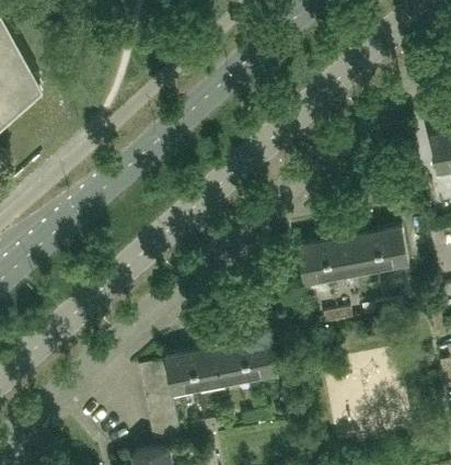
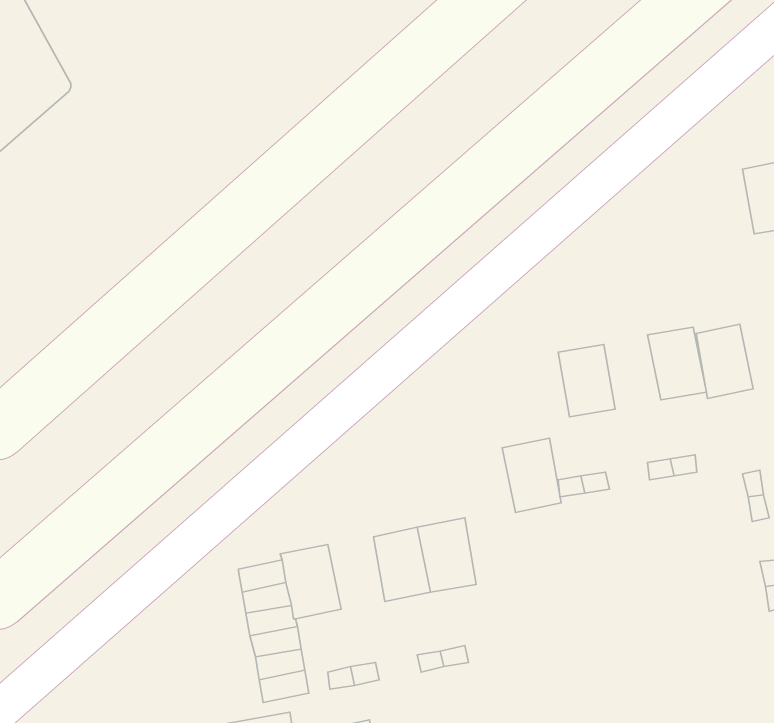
building: [349,234,382,276] -> [696,324,753,398]
building: [296,243,329,286] -> [502,438,561,513]
building: [190,350,223,392] -> none

